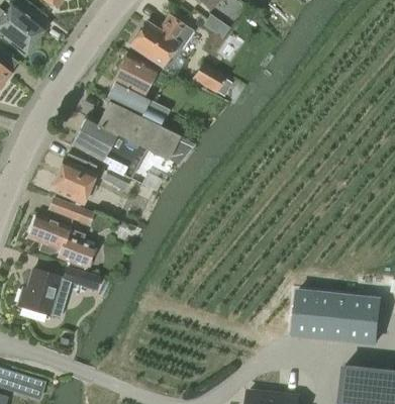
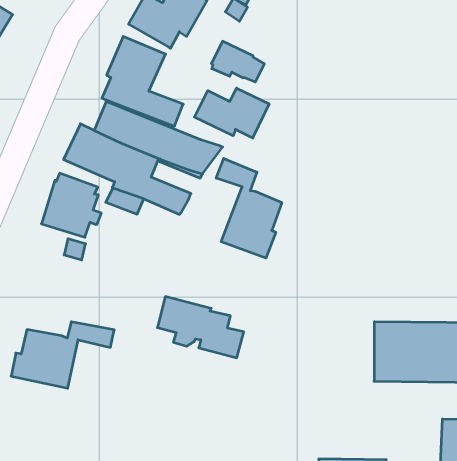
building: none -> [194,88,269,138]
building: none -> [216,158,282,258]
building: [28,215,94,267] -> [157,297,244,358]

